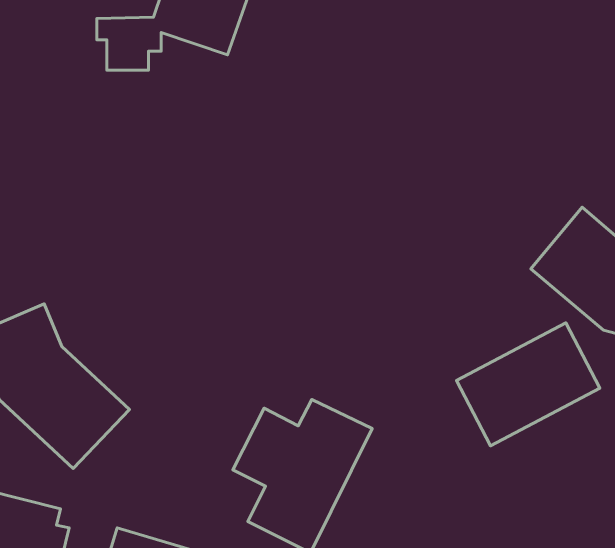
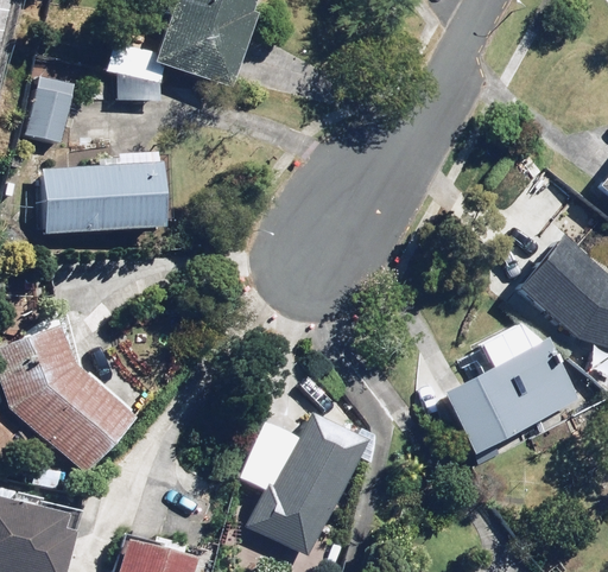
building: none -> [24,72,76,142]
building: none -> [43,163,169,230]

